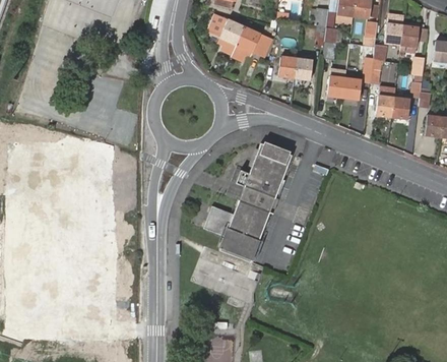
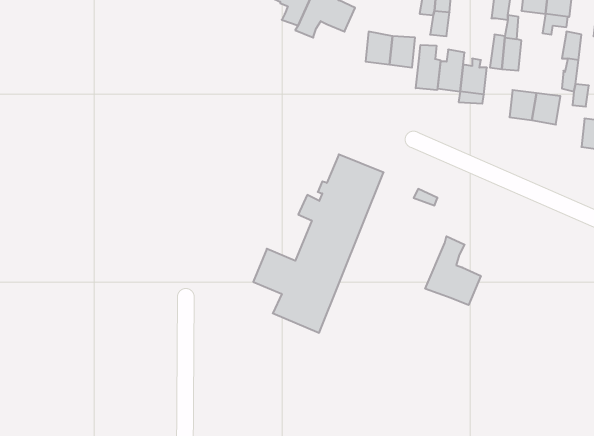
building: none -> [416,45,441,90]
building: none -> [425,236,481,305]

